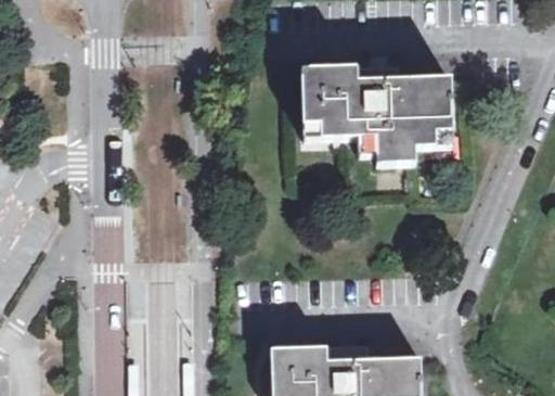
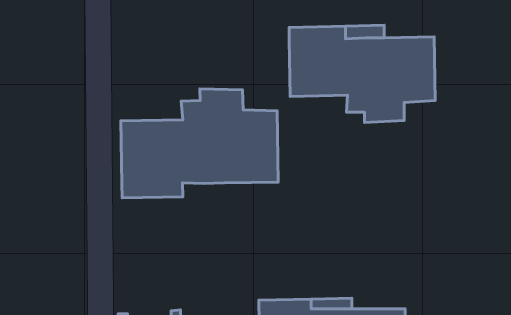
building: none -> [121,89,278,198]

